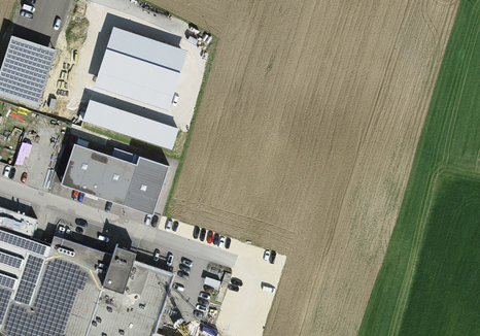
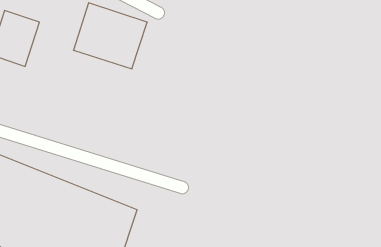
building: [83,102,176,148] -> none
building: [62,146,167,215] -> none

